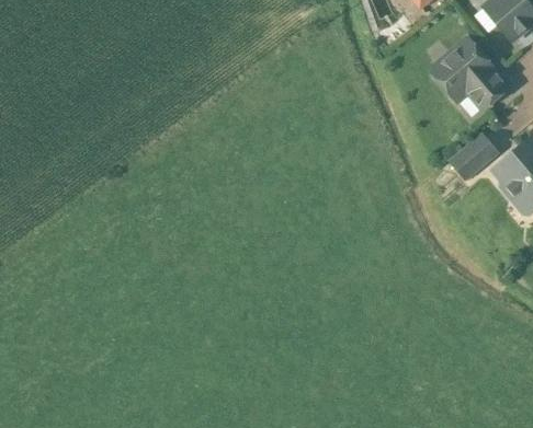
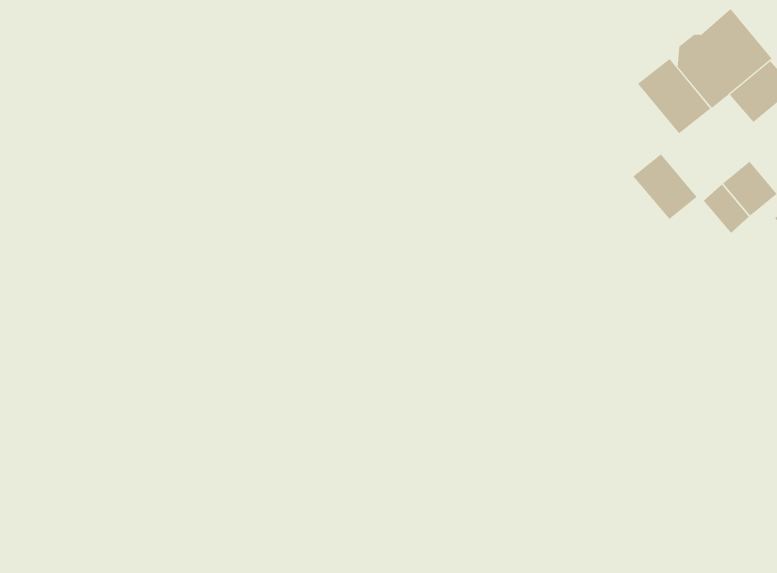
building: none -> [637,58,711,134]
building: none -> [633,153,698,220]

